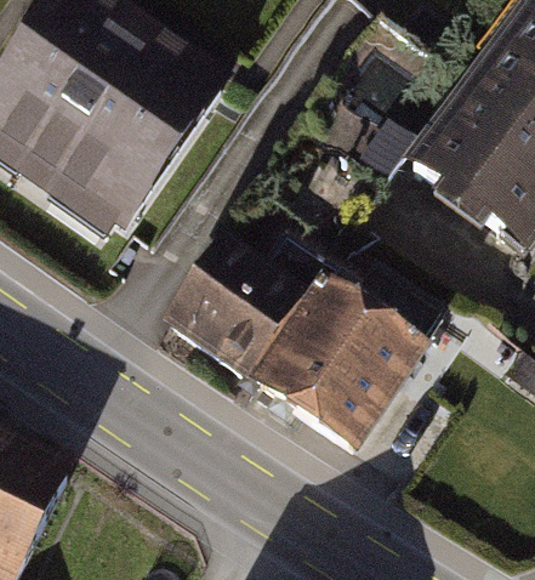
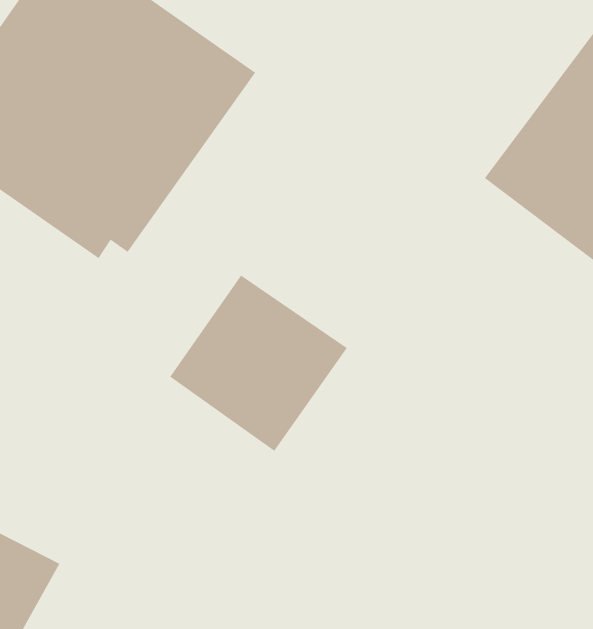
building: [241,272,422,453] -> none

